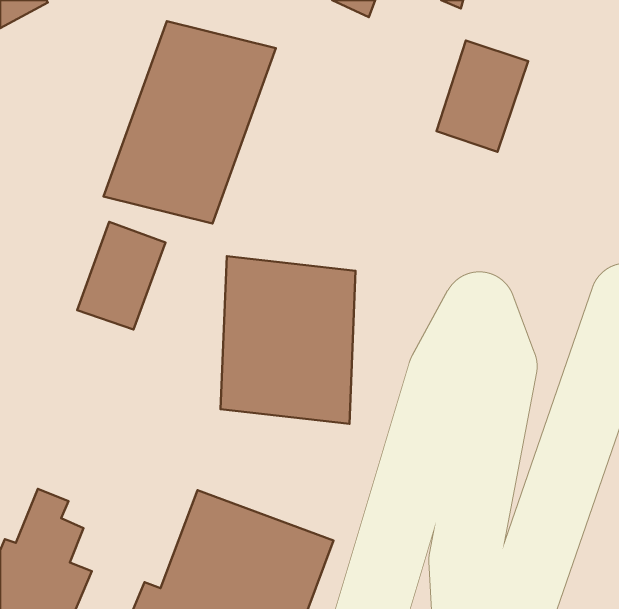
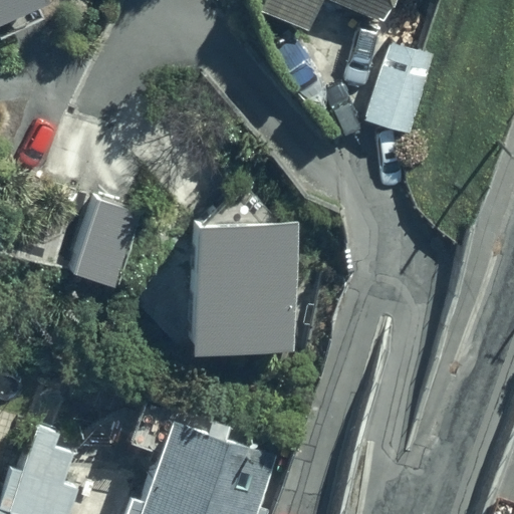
building: [103,21,276,223] -> none

